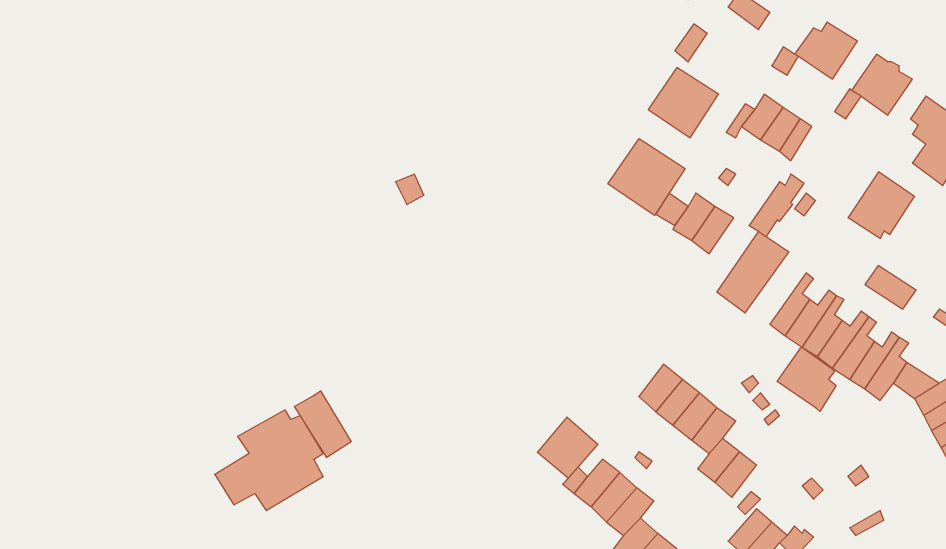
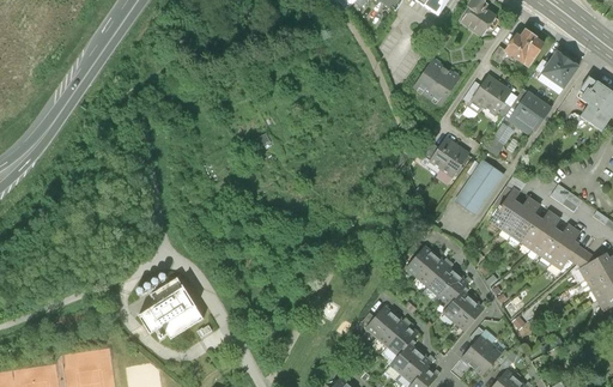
building: [608,139,685,216] -> none
building: [848,172,915,238] -> [508,92,550,134]
building: [777,347,836,411] -> none
building: [295,391,351,458] -> none
building: [537,417,598,478] -> none

